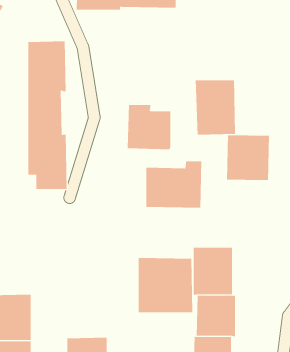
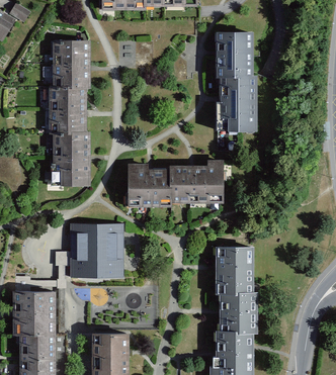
building: none -> [213,33,255,80]
building: [127,105,171,150] -> [124,164,168,208]
building: [227,134,269,181] -> none
building: [138,258,193,313] -> [68,221,122,276]

